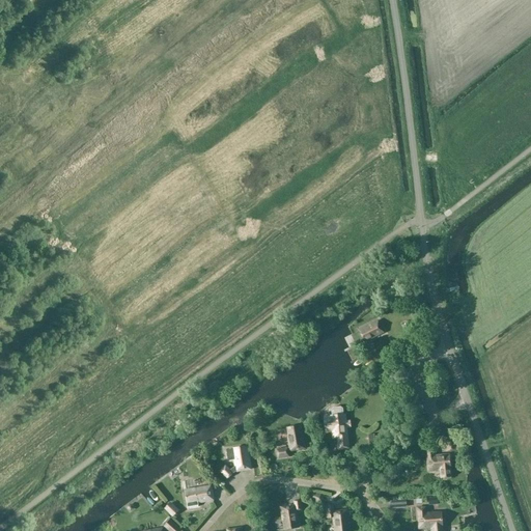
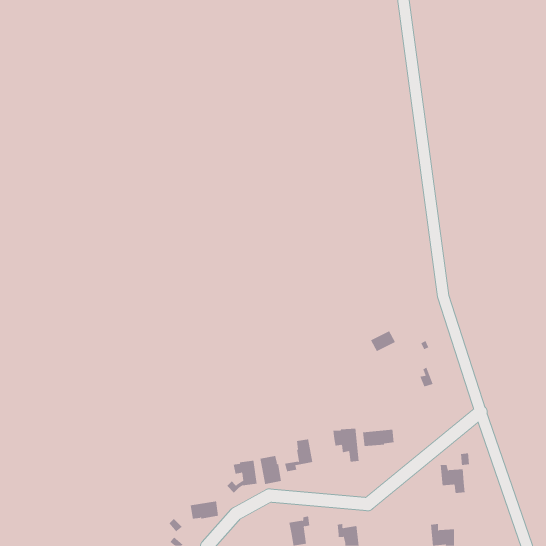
building: none -> [362,429,394,447]
building: none -> [260,455,282,485]

